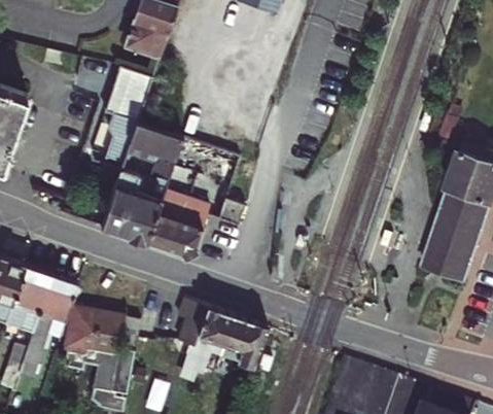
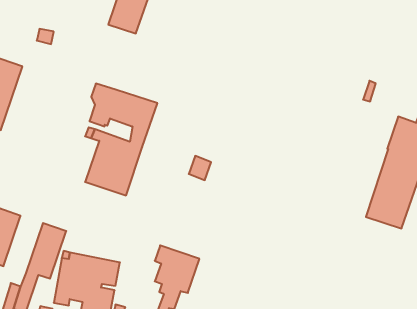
building: [102,67,150,122] -> none
building: [146,187,211,256] -> none
building: [5,267,50,333] -> none
building: [217,316,266,367] -> none

